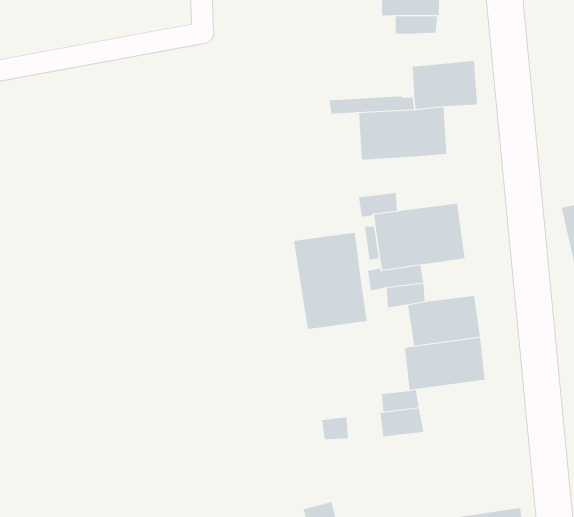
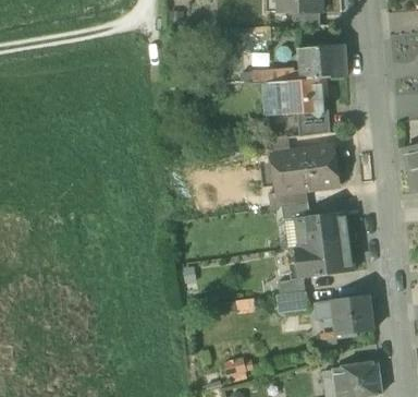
building: none -> [297,109,330,136]
building: [294,232,367,330] -> none
building: none -> [315,296,373,338]

